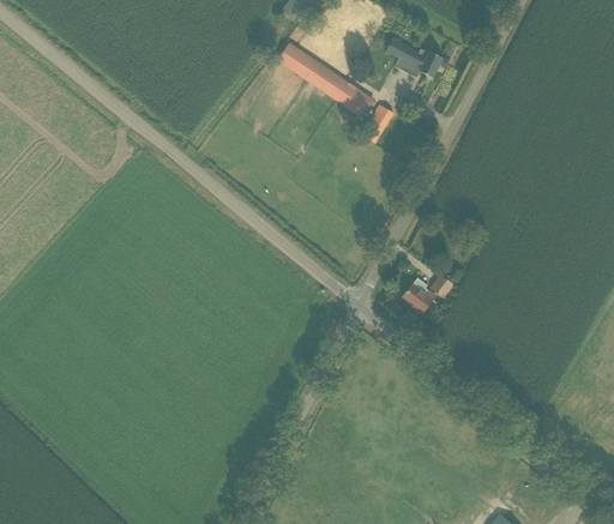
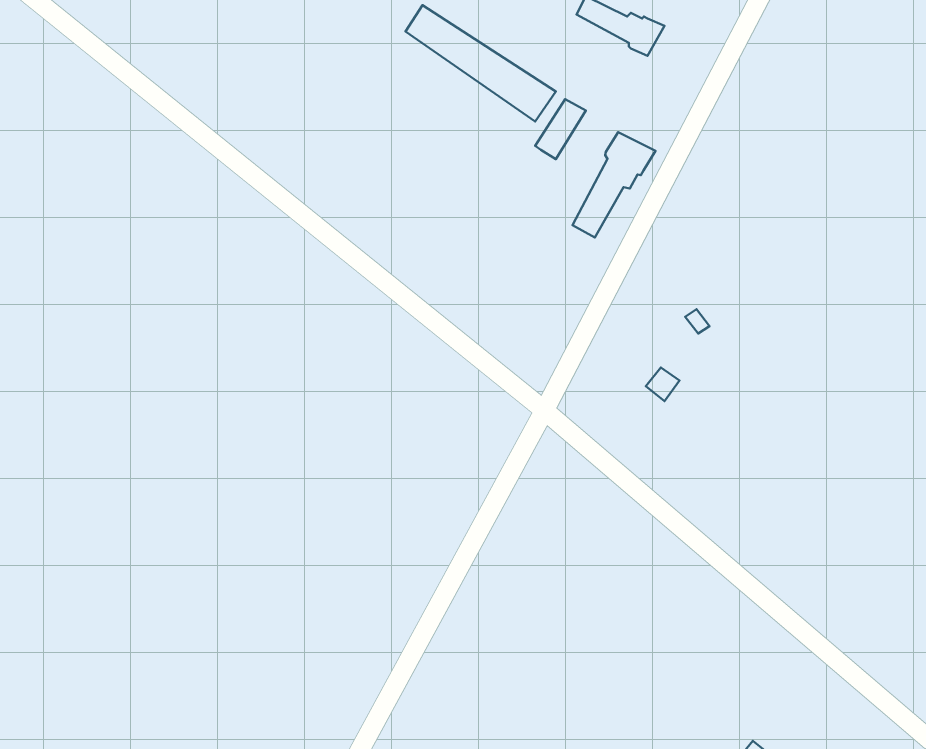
building: none -> [573,132,656,238]
building: [403,278,437,314] -> none

